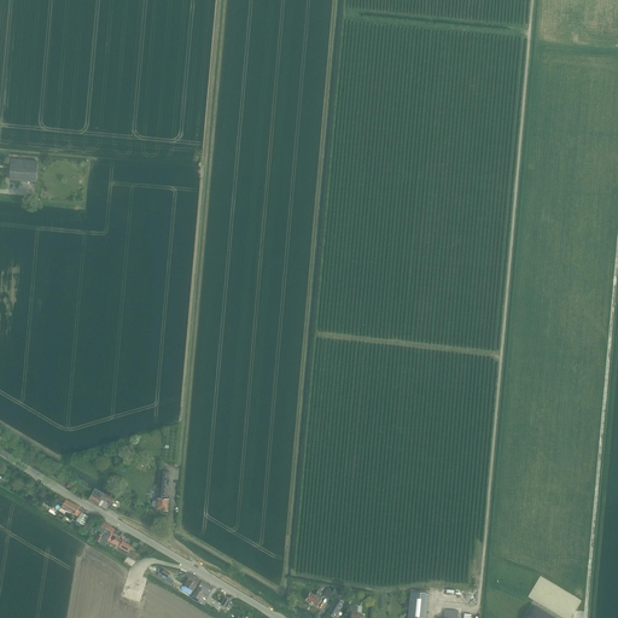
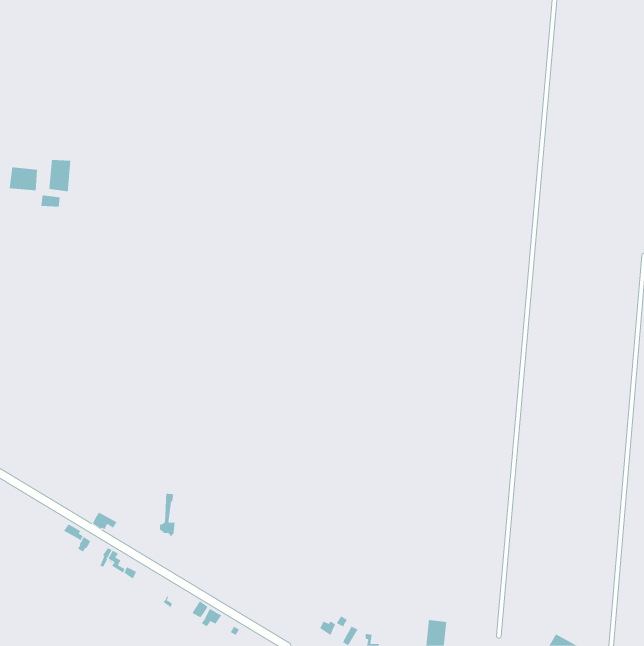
building: none -> [49,159,71,192]

